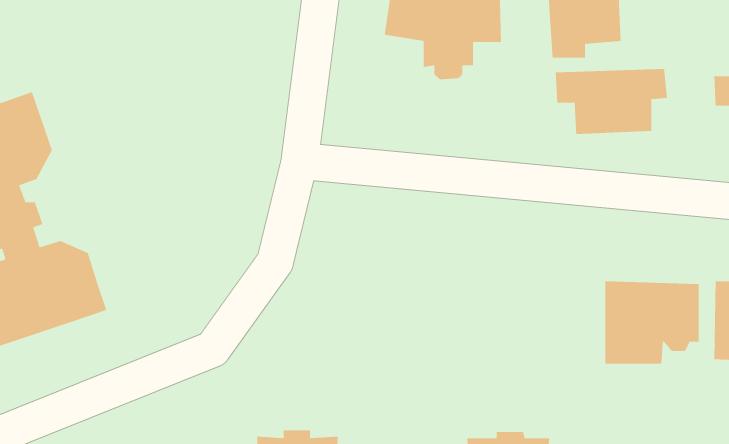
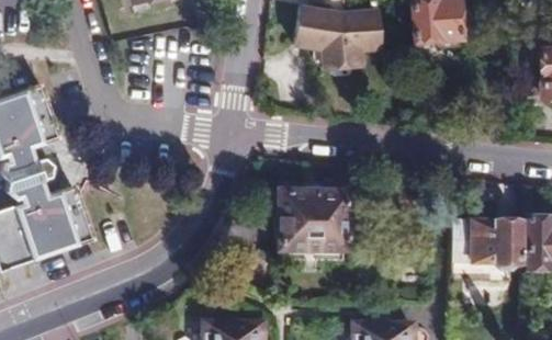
building: [555,68,668,135] -> none
building: none -> [277,182,363,262]

